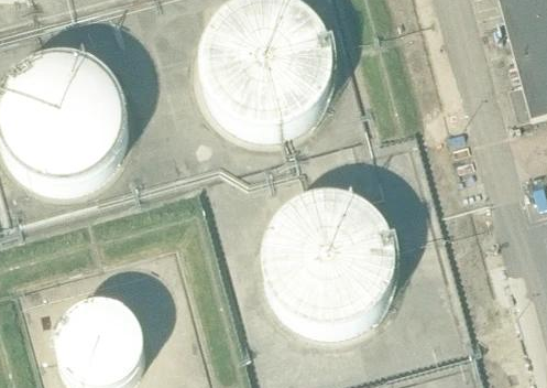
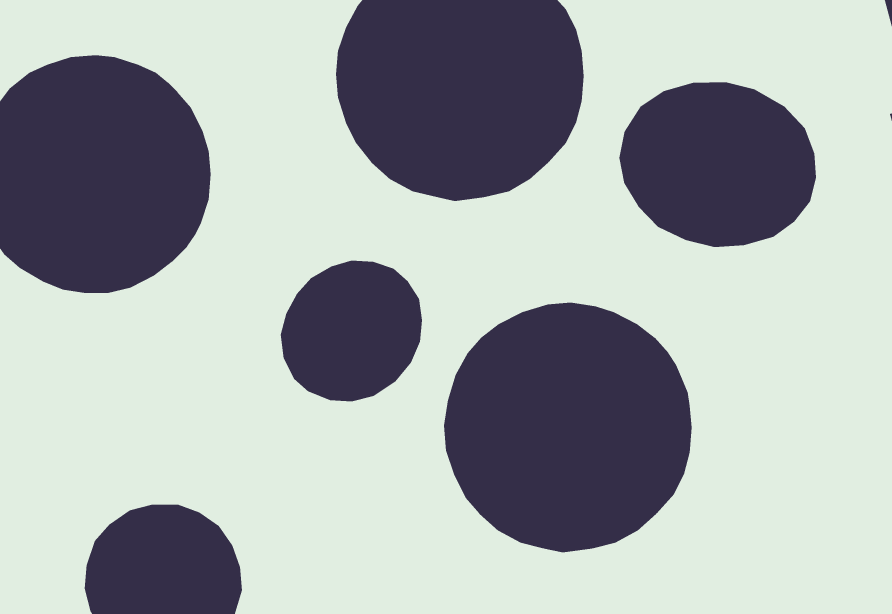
building: none -> [619,82,817,248]
building: none -> [280,260,423,402]

